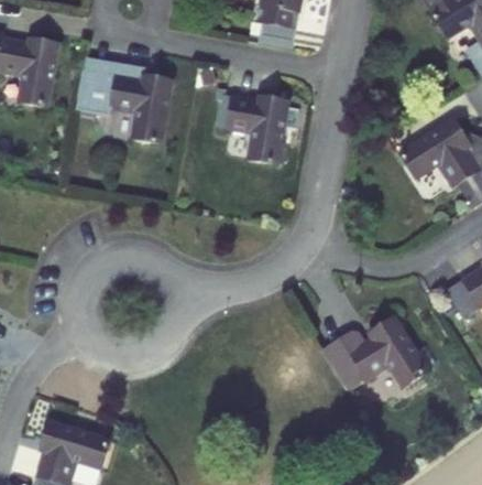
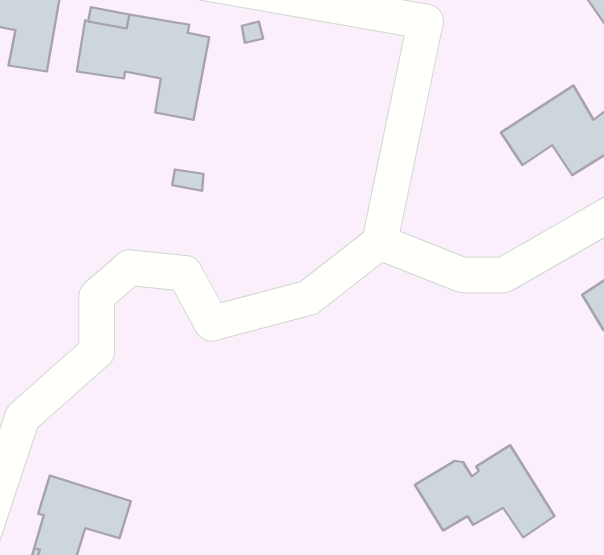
building: [224,95,298,165] -> none
building: [319,317,427,389] -> [415,445,554,538]

